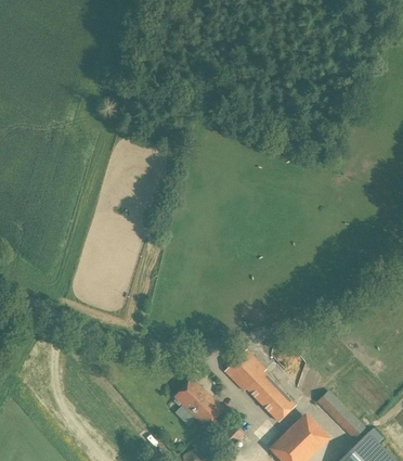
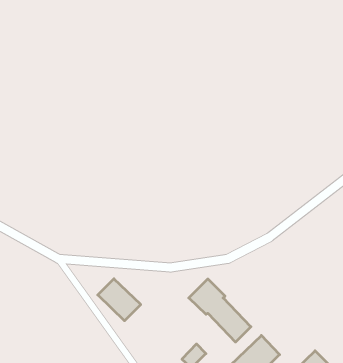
building: [176,380,224,427] -> [98,279,141,321]
building: [316,390,366,440] -> none

